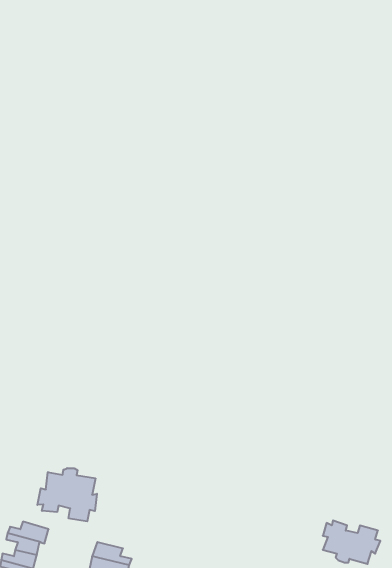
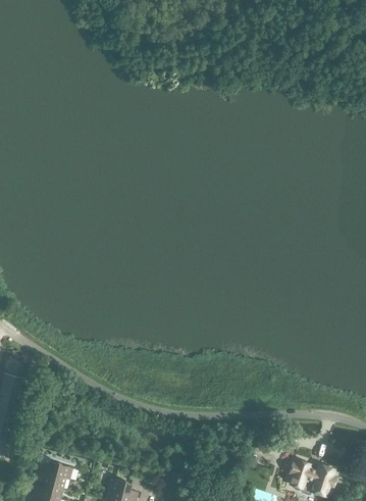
building: [37,468,97,521] -> none

